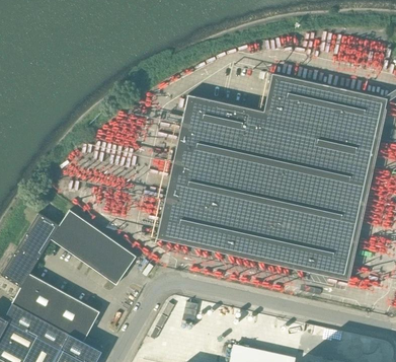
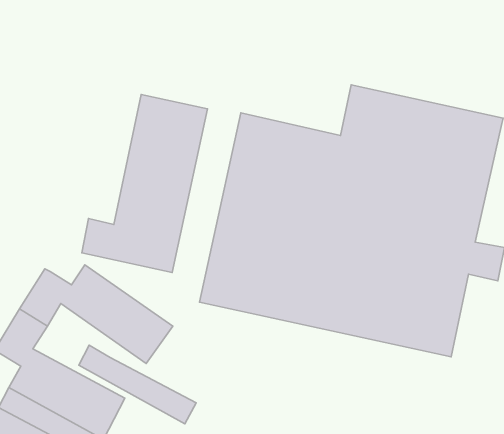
building: none -> [82,94,208,272]
building: none -> [79,345,196,424]

